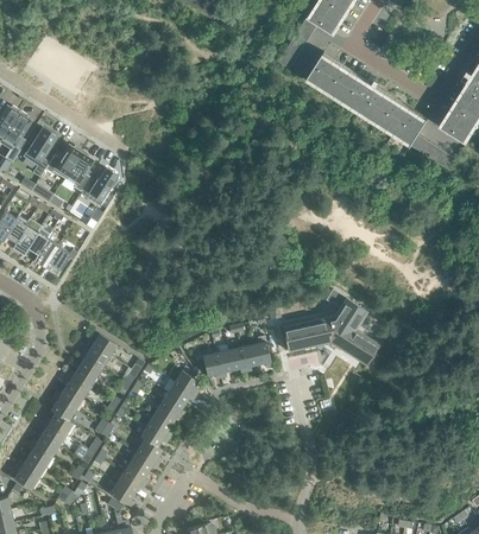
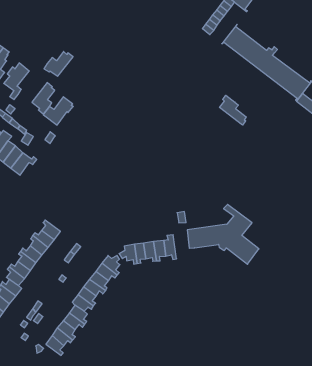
building: [45,145,82,178] -> [44,51,73,76]
building: none -> [220,95,246,125]

